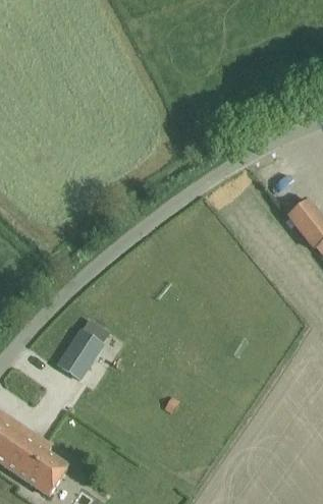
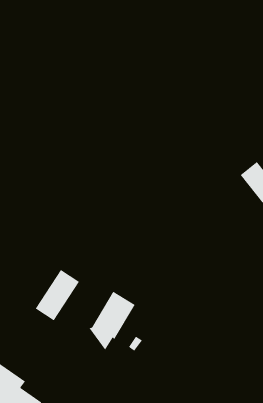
building: none -> [89,291,136,351]

